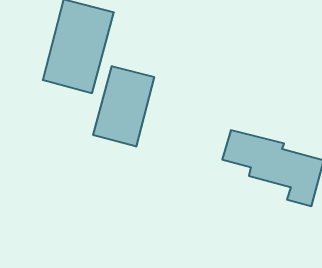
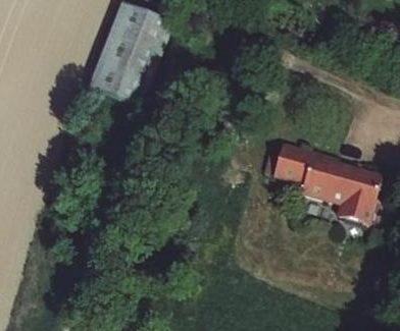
building: [93,66,154,147] -> none

